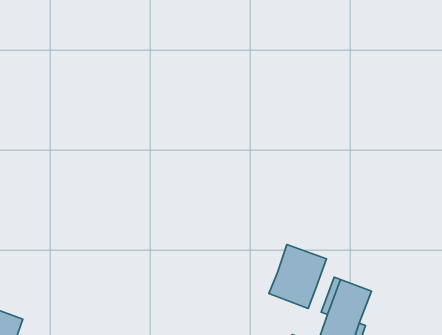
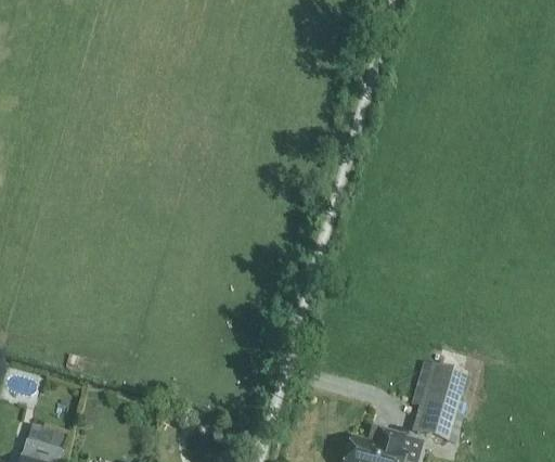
building: [269,244,327,309] -> none

